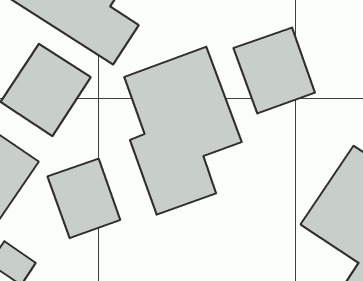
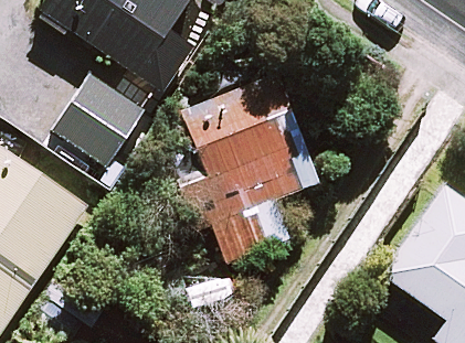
building: [234,27,315,114] -> none
building: [48,159,120,238] -> none

